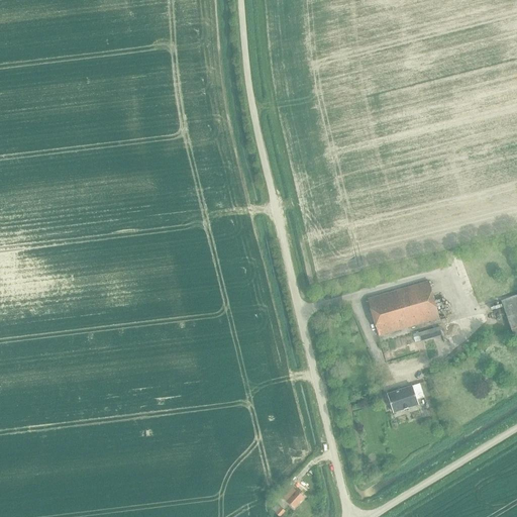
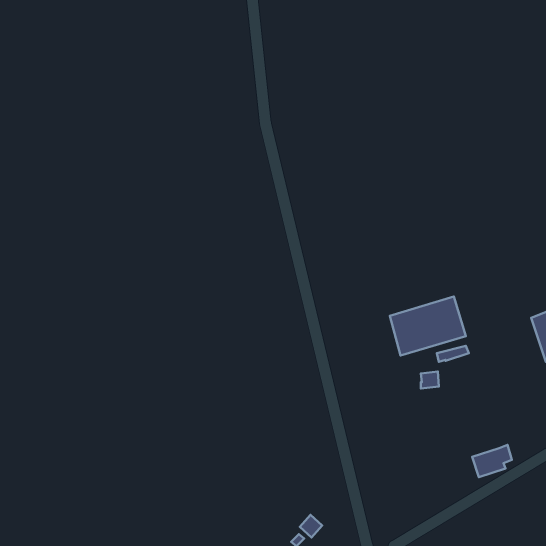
building: [388,382,425,412] -> [472,445,512,477]

